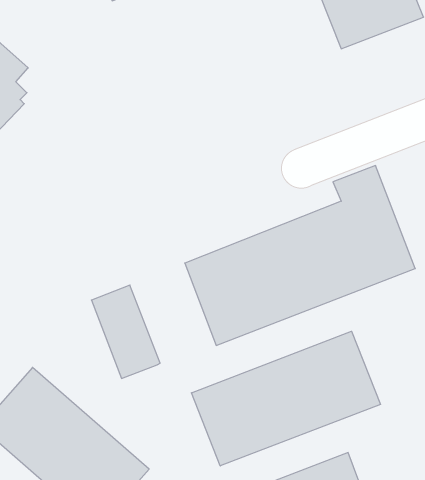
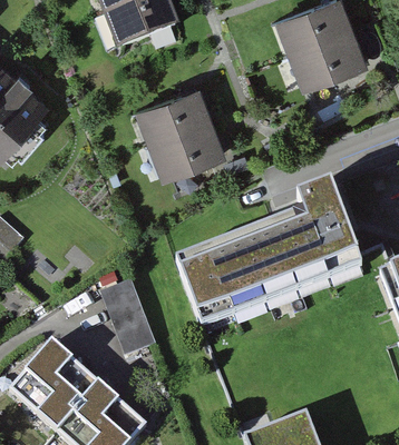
building: none -> [136,80,227,176]
building: [191,331,380,466] -> none

